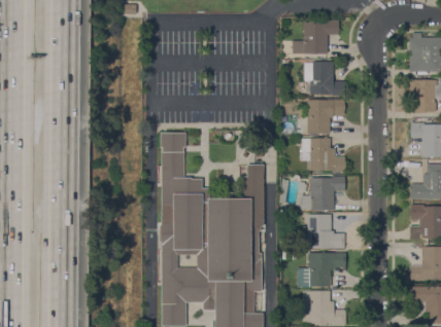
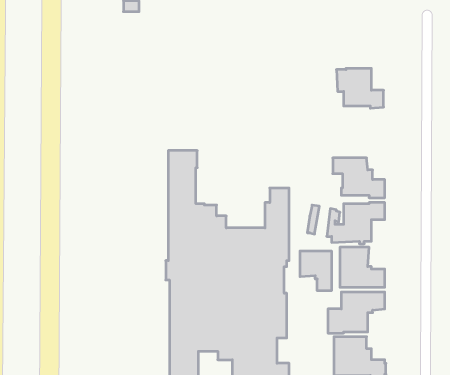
building: [293,19,339,53] -> none
building: [298,99,345,135] -> none
building: none -> [300,251,331,291]

